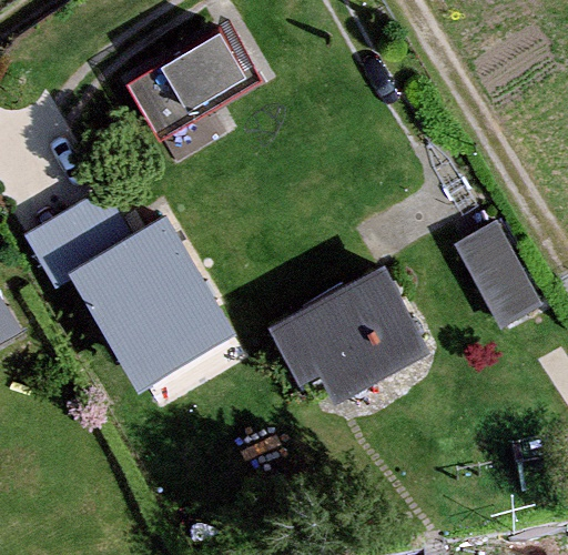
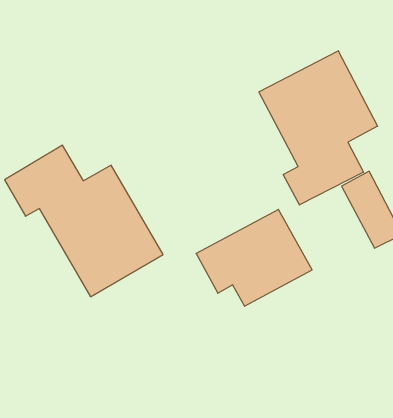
building: [129,34,244,129] -> none
building: none -> [259,51,378,205]

